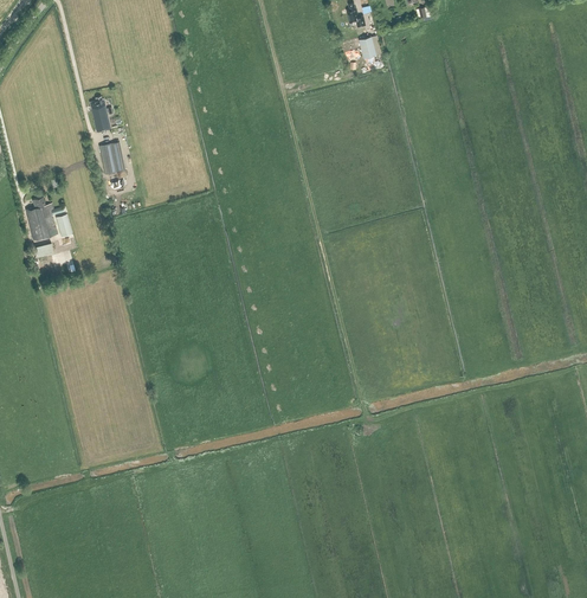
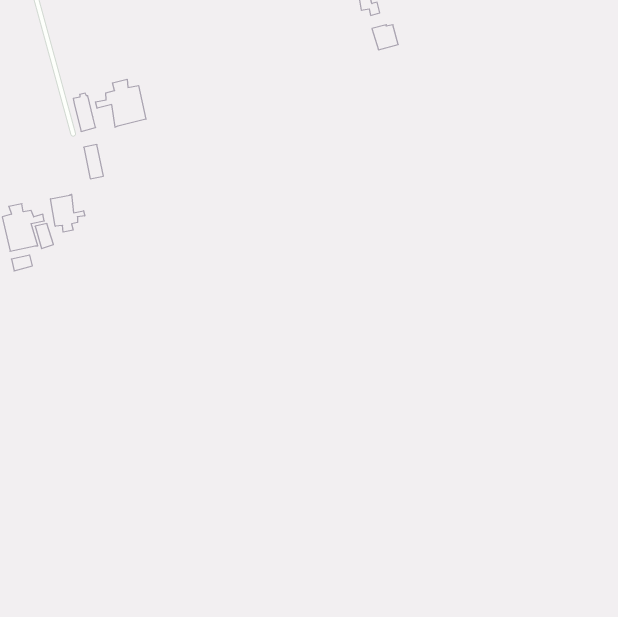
building: none -> [95,79,146,127]
building: none -> [51,194,85,232]

